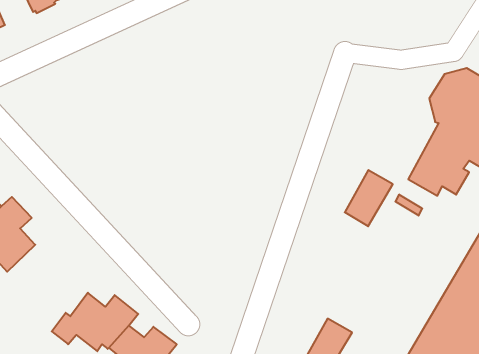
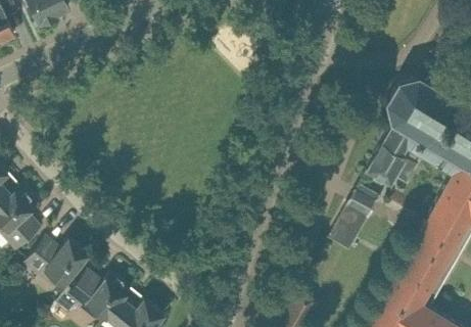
building: [345,170,393,226] -> [328,202,370,251]
building: none -> [23,238,89,288]

